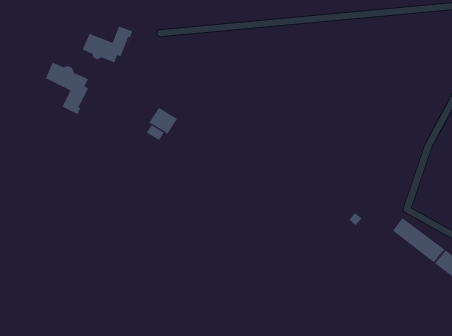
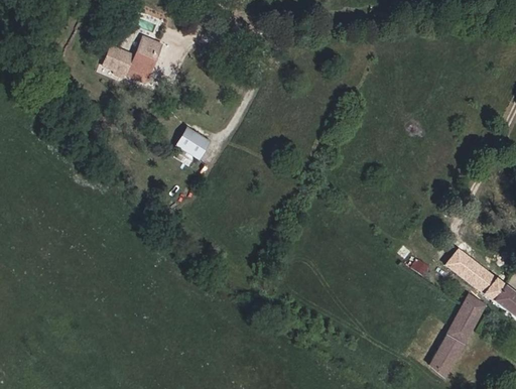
building: [45,62,89,115] -> none
building: none -> [430,292,486,375]

